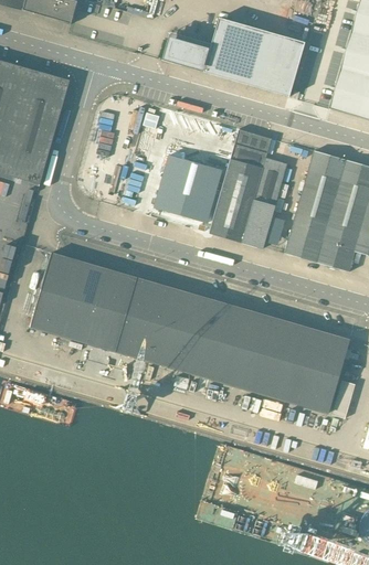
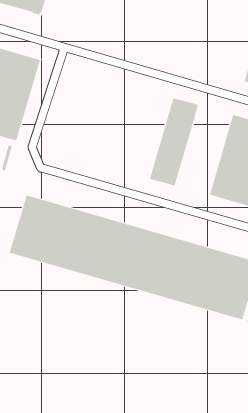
building: [162,18,305,96] -> none
building: [155,154,223,223] -> none
building: [242,158,287,248] -> none

